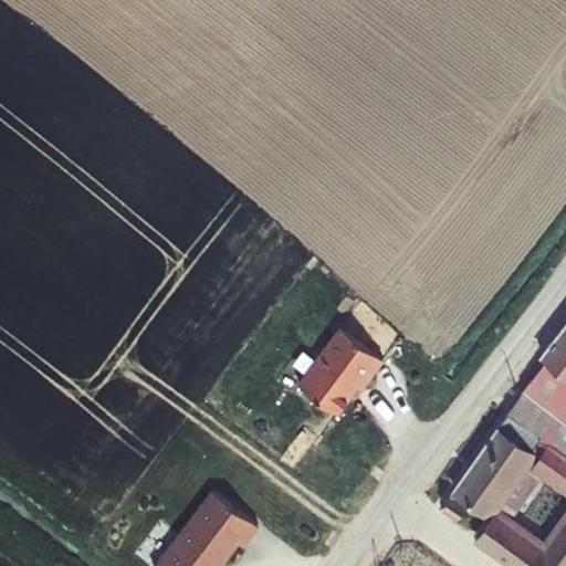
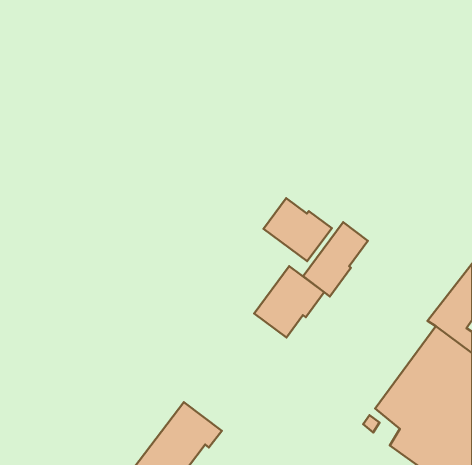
building: none -> [263,198,332,261]
building: none -> [303,222,368,296]

